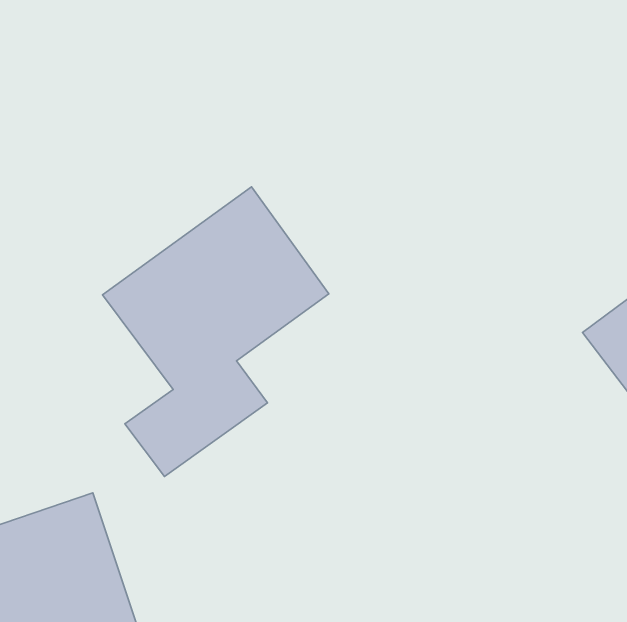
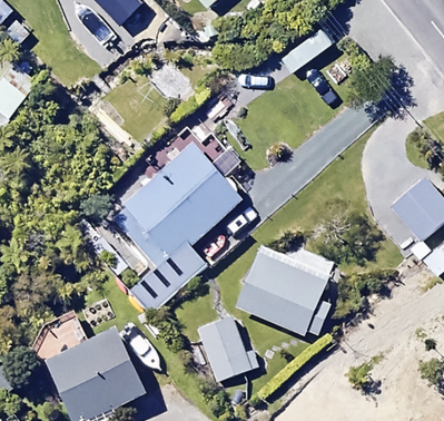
building: none -> [234,245,328,332]
building: none -> [196,317,254,379]

